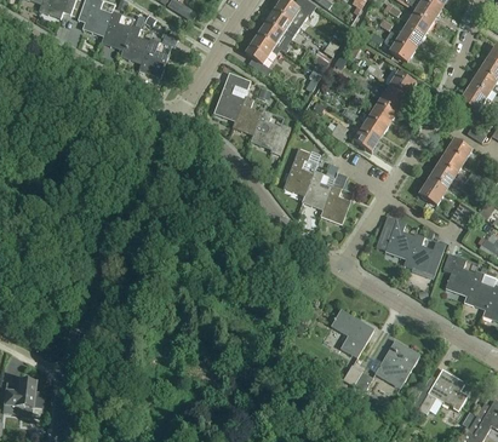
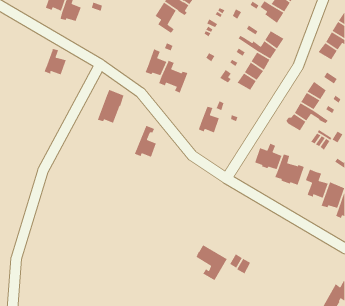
building: [138,39,168,75] -> [44,48,67,76]
building: [213,73,250,119] -> [97,89,125,124]
building: [282,149,313,193] -> [134,125,157,158]
building: [320,184,350,222] -> none
building: [331,309,373,357] -> [196,244,228,281]
building: [374,340,419,385] -> none
building: [411,369,466,415] -> none

